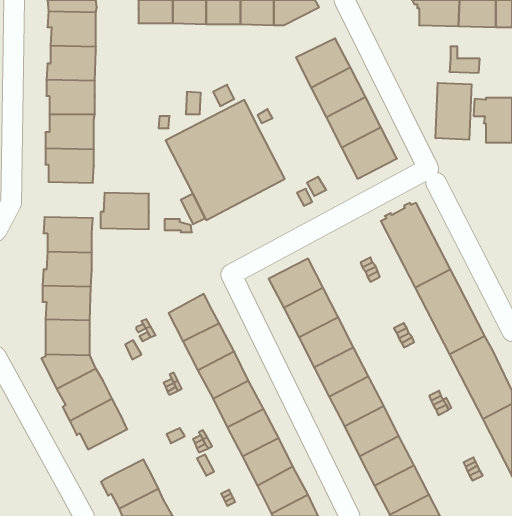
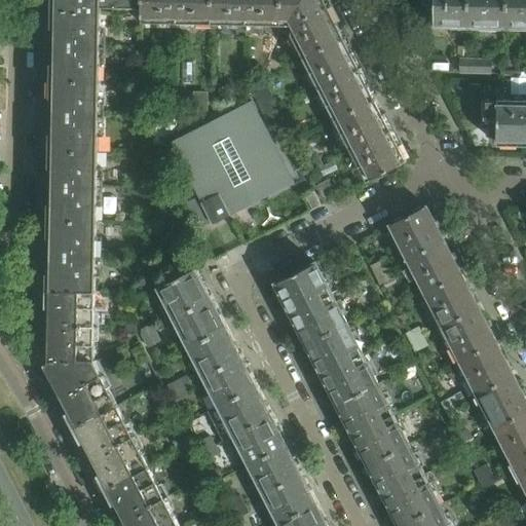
building: none -> [289,7,341,59]
building: [436,83,472,140] -> none
building: [101,193,149,229] -> [45,185,95,222]
building: none -> [156,269,208,318]
building: none -> [89,437,146,490]

